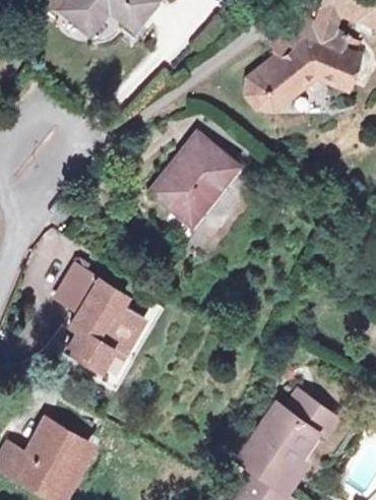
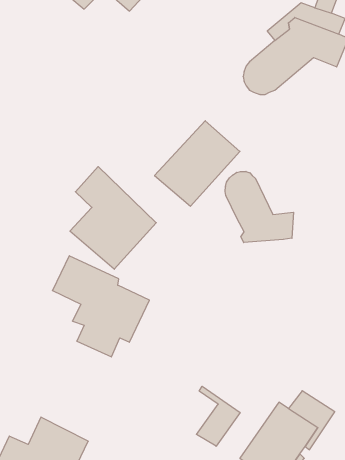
building: none -> [70,167,156,269]
building: none -> [225,171,294,243]
building: none -> [196,386,240,446]

